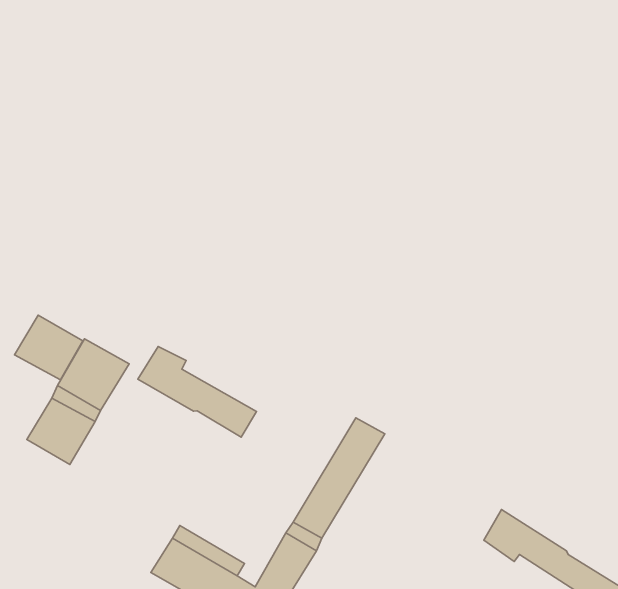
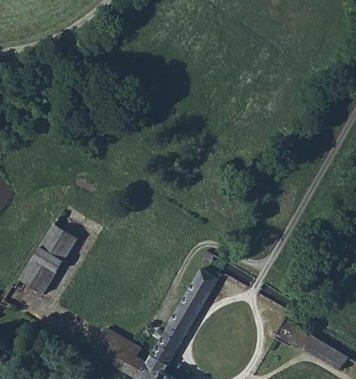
building: [14,315,83,380] -> none
building: [138,346,256,437] -> none

